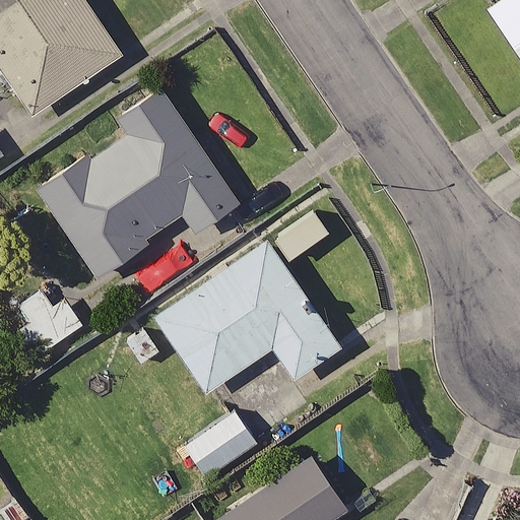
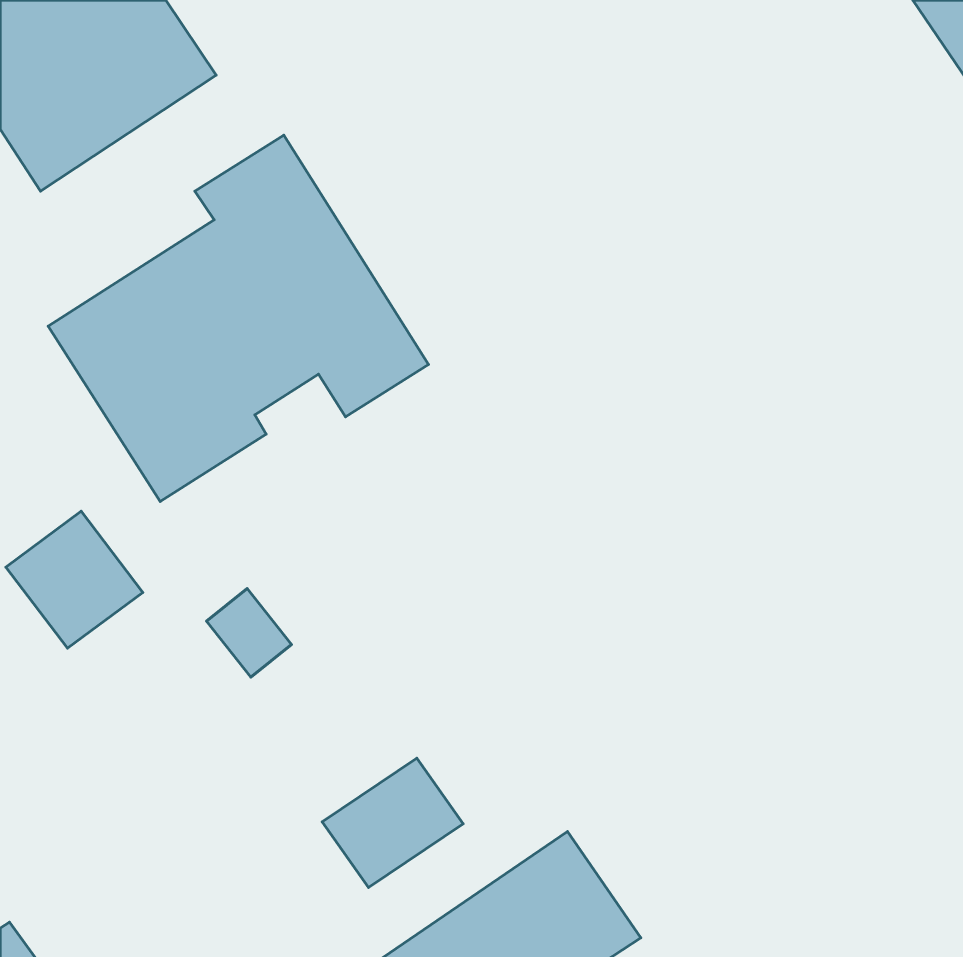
building: [154,239,342,395] -> none

